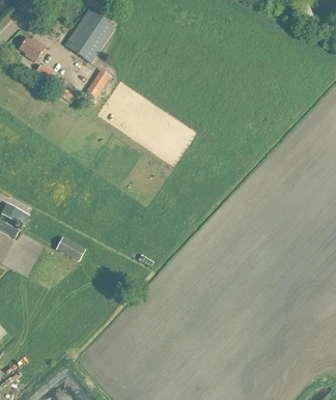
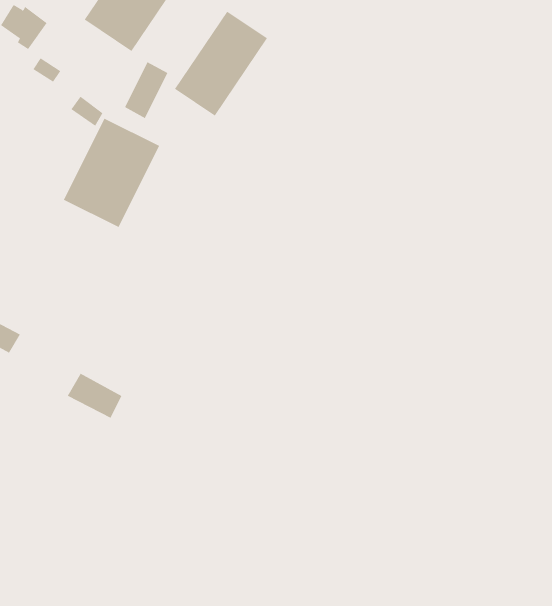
building: none -> [174,11,268,117]
building: none -> [63,118,160,228]

